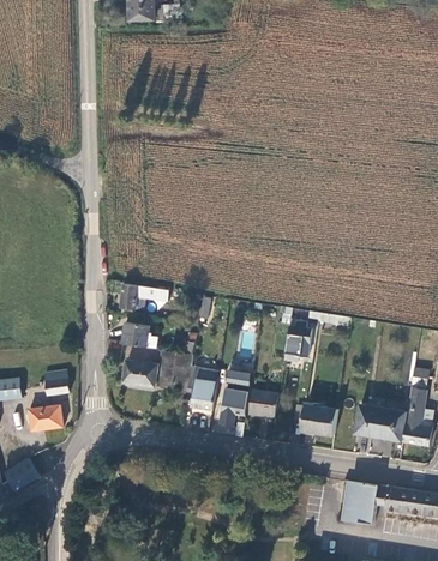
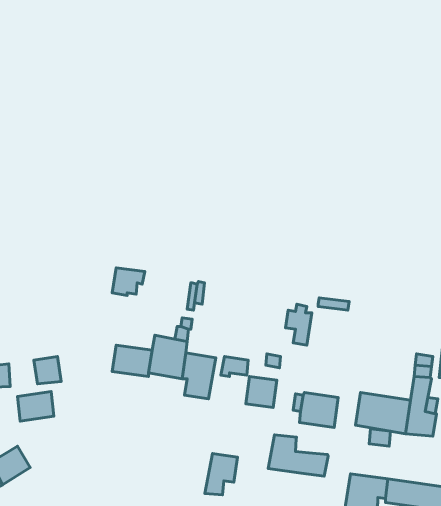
building: [122,322,158,349] -> none
building: [217,387,248,427] -> [205,454,237,495]
building: none -> [268,435,328,476]

